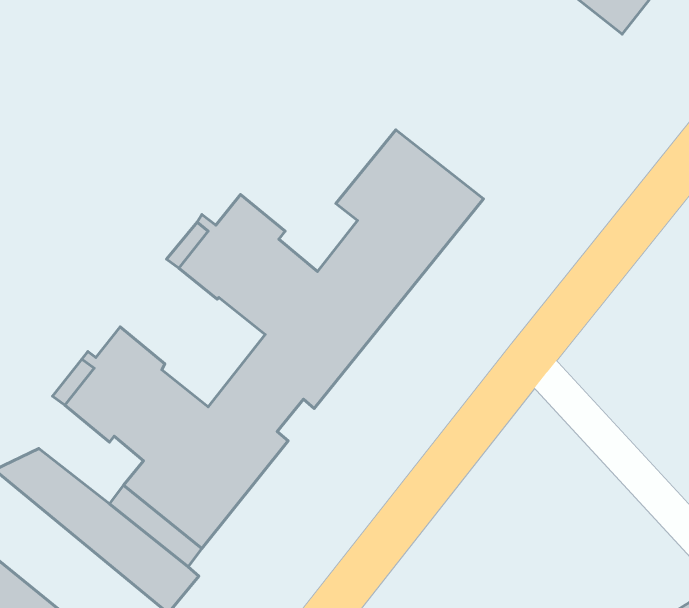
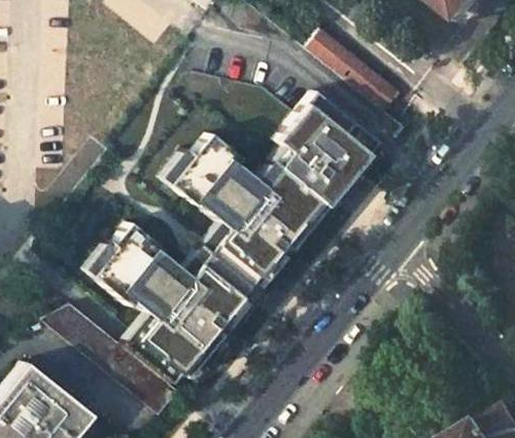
building: none -> [305,27,399,108]

